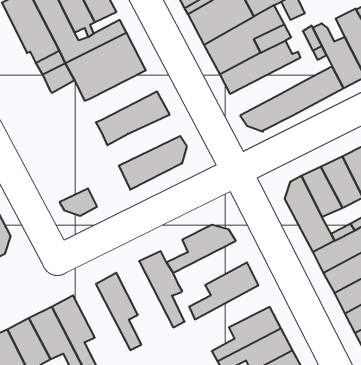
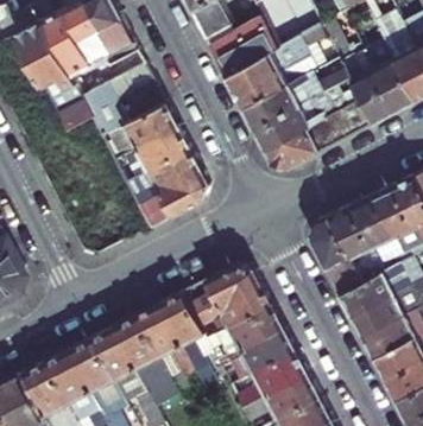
building: none -> [254,91,334,152]
building: none -> [108,104,178,157]
building: none -> [126,151,202,204]
building: none -> [195,282,272,329]
building: none -> [135,304,195,379]
building: none -> [90,328,150,402]
building: none -> [217,329,296,375]

